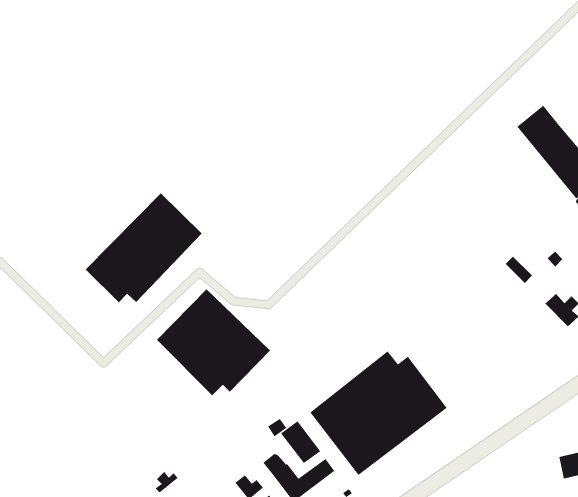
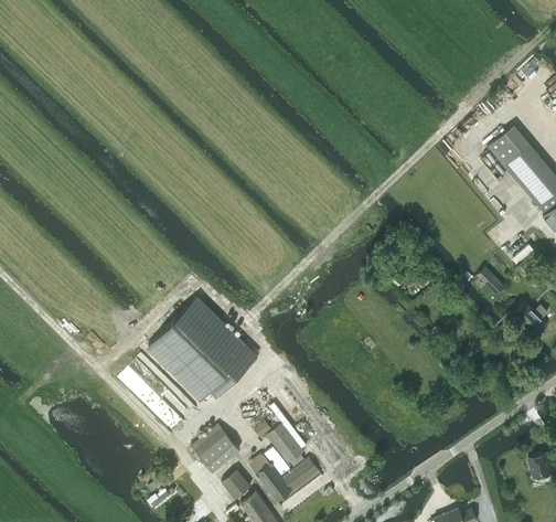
building: [85,193,203,303] -> none
building: [309,351,448,476] -> none
building: none -> [192,425,239,472]

